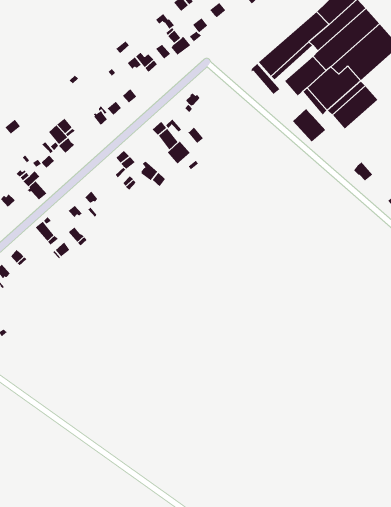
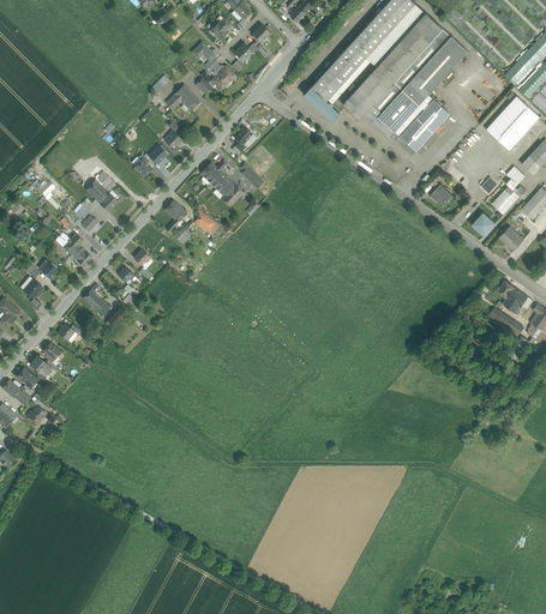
building: [292,108,326,142] -> none

